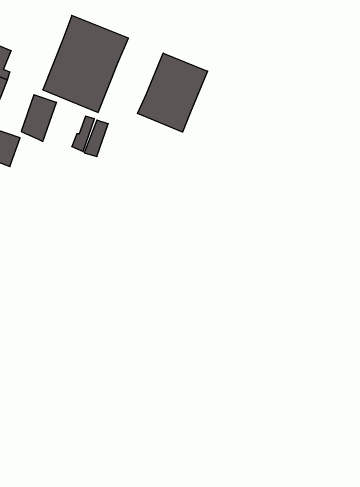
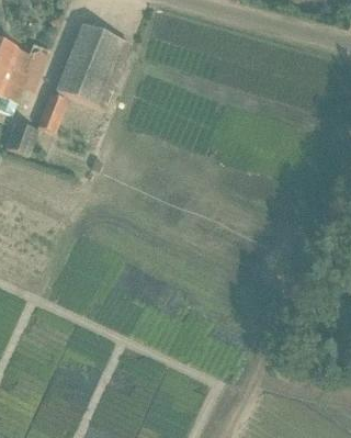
building: [138,53,208,132] -> none

